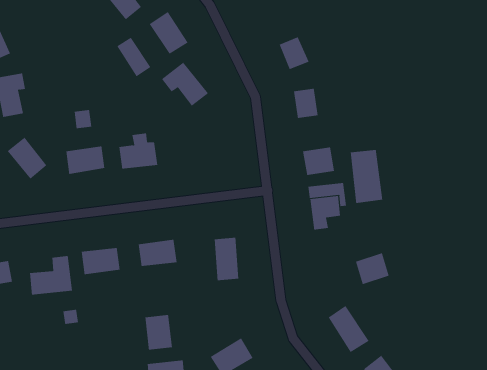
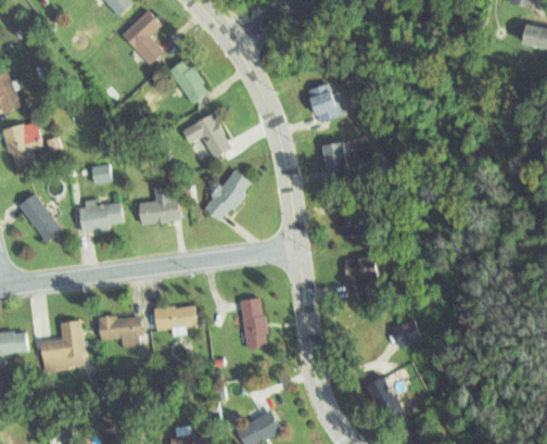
building: [117,37,151,77] -> none
building: none -> [204,169,252,224]
building: [350,149,383,204] -> none
building: [145,314,172,351] -> none

